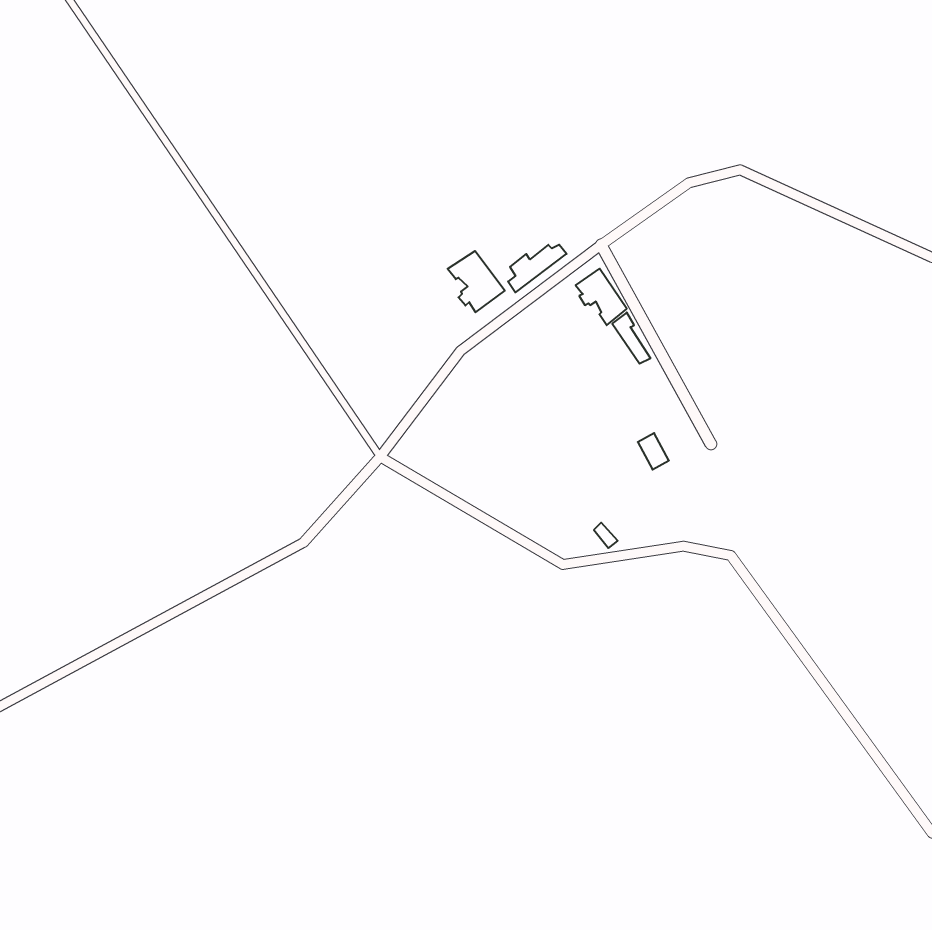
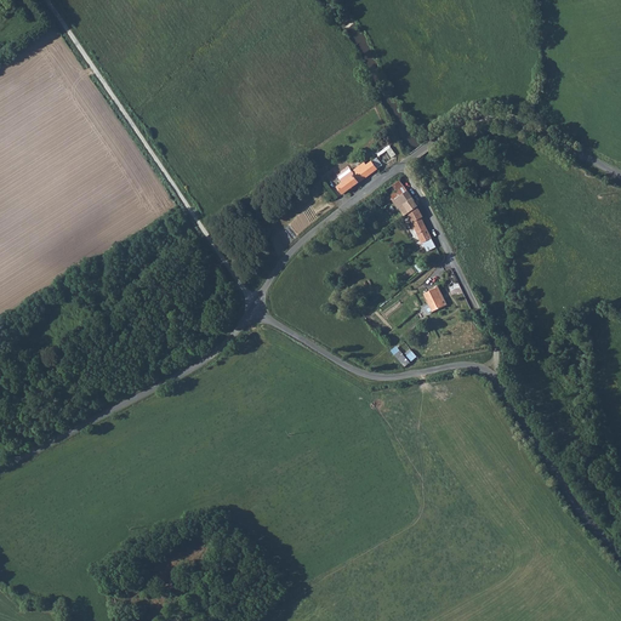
building: [448,251,505,312] -> none

